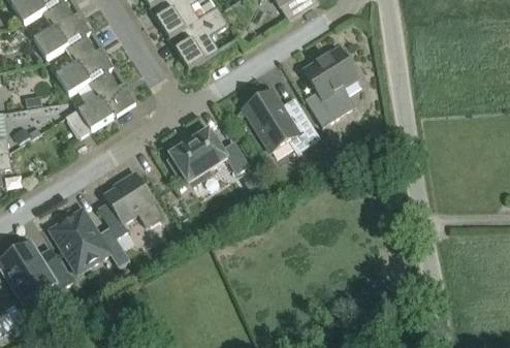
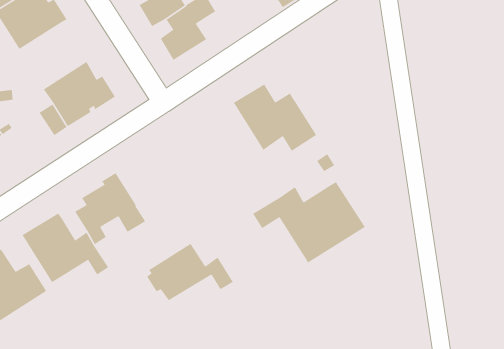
building: [46,33,113,94] -> none
building: [304,46,357,126] -> none
building: [167,128,248,182] -> [146,243,234,301]
building: none -> [252,181,366,263]

